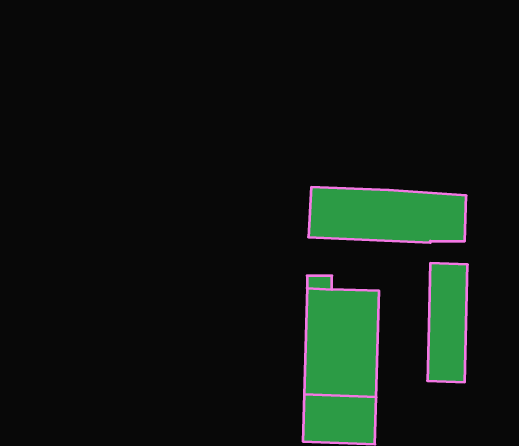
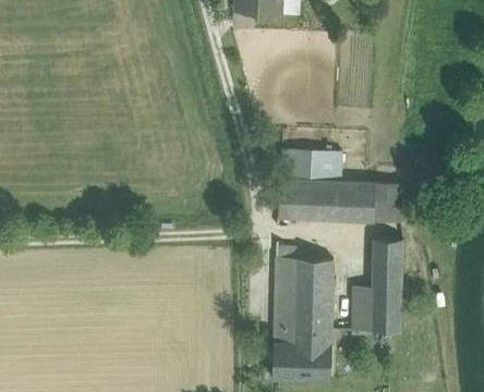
building: none -> [280,149,342,181]
building: none -> [352,287,373,331]

